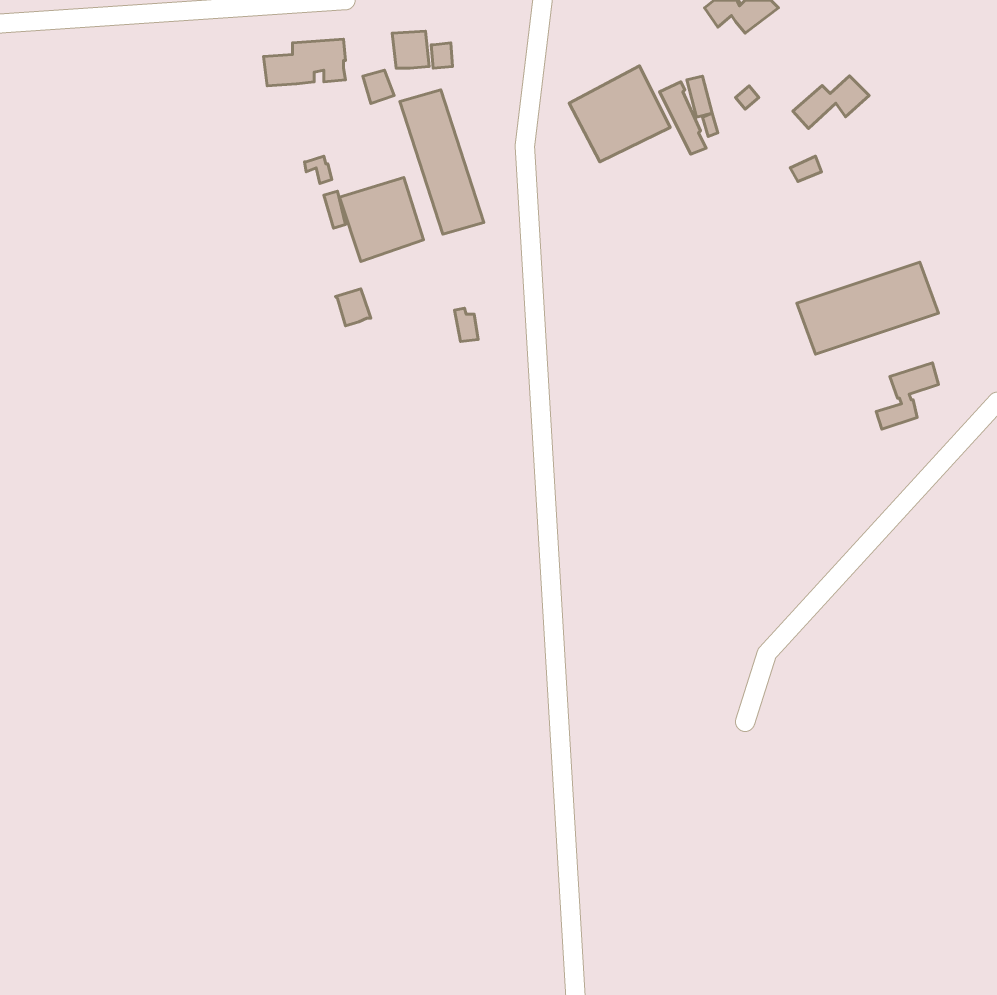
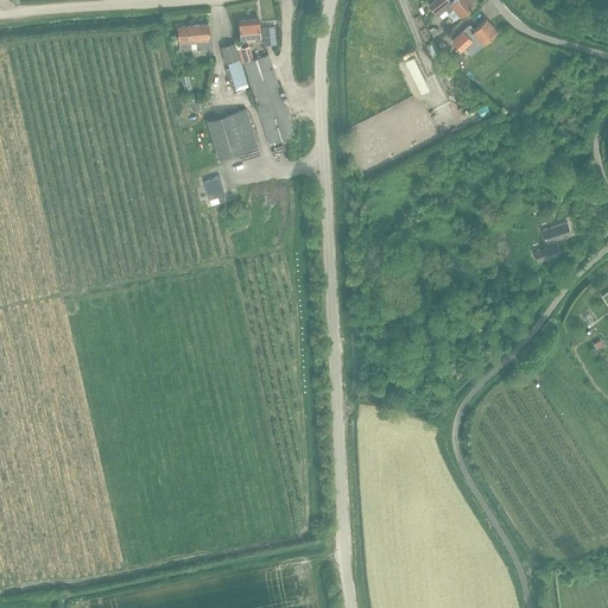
building: [569,66,670,162] -> none
building: [793,76,869,129] -> [451,20,498,52]
building: [797,262,938,354] -> none

